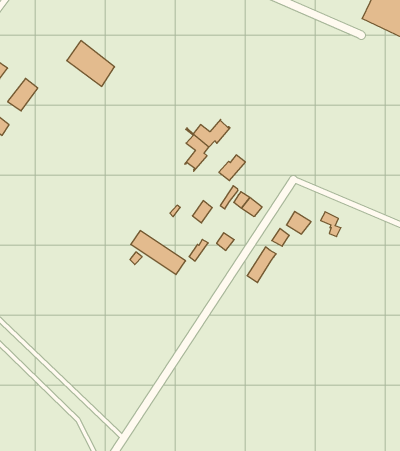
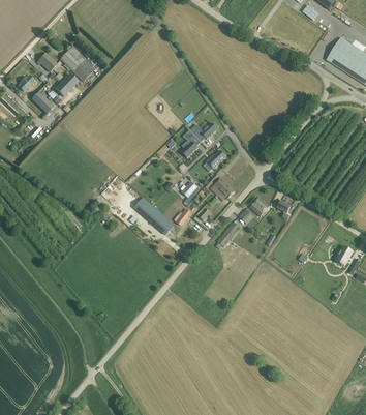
building: [67,41,115,86] -> [60,46,95,82]

